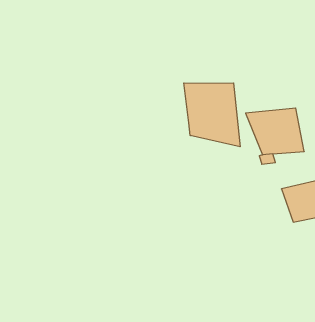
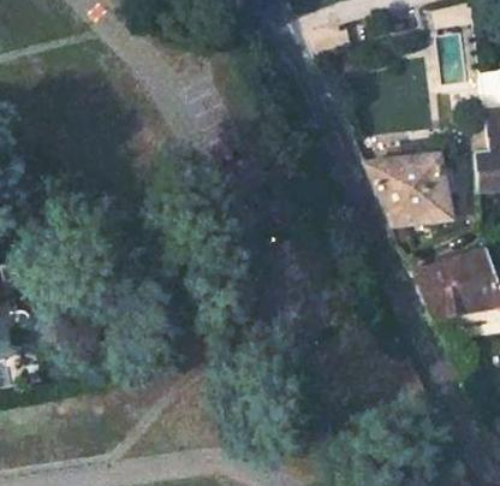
building: [184,83,240,147] -> none

